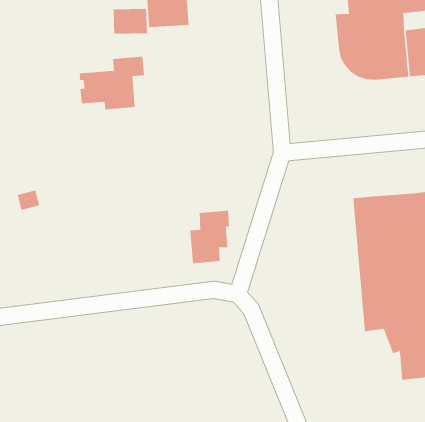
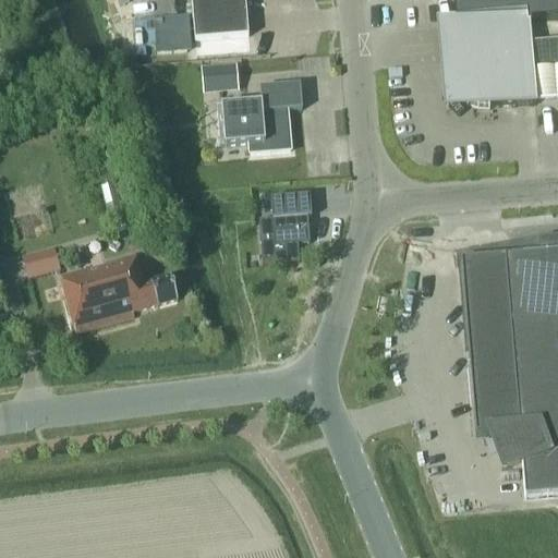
building: none -> [202,60,241,90]
building: [79,56,145,110] -> [218,81,304,150]
building: none -> [62,253,180,329]
building: [190,210,230,264] -> [260,191,313,260]

